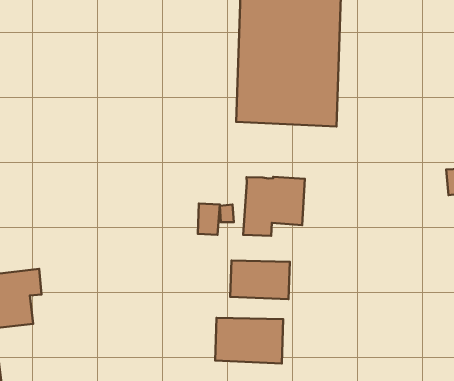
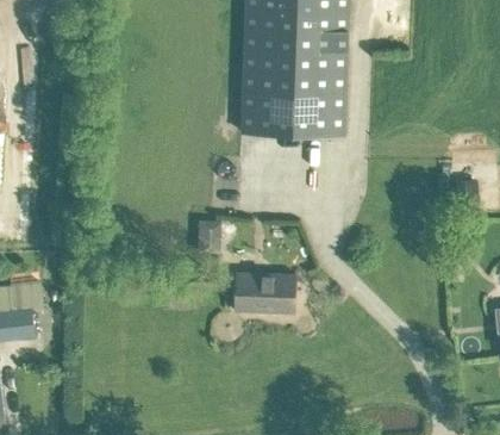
building: [243,177,305,236] -> none
building: [215,318,283,363] -> none

